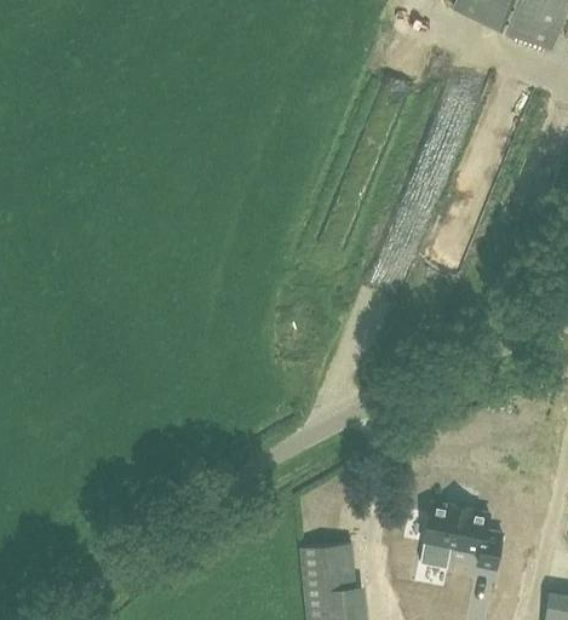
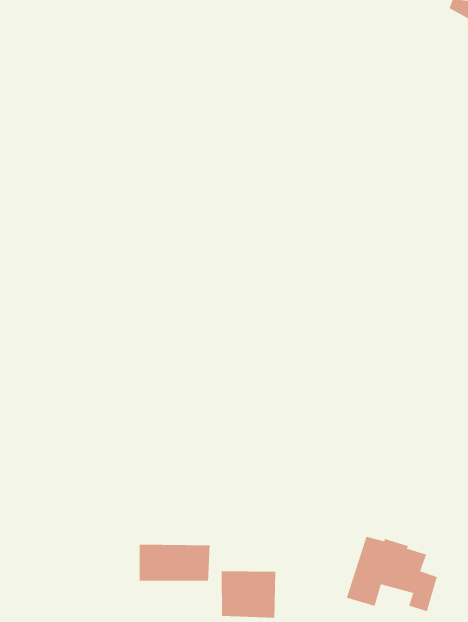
building: none -> [139,544,210,582]

